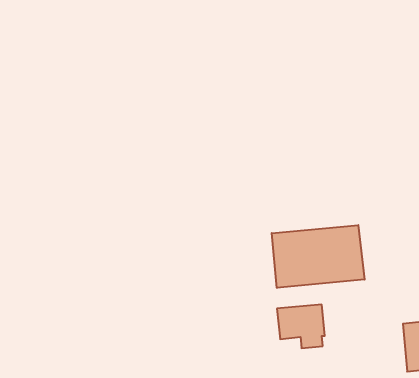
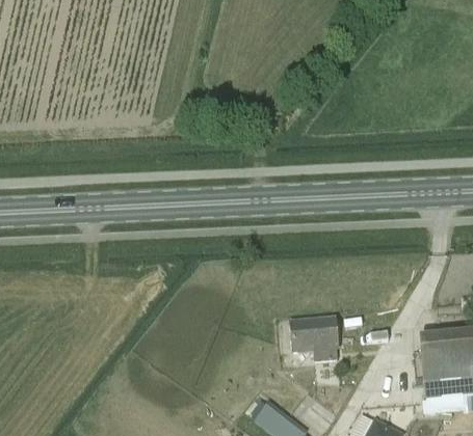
building: [272,225,365,288] -> none

